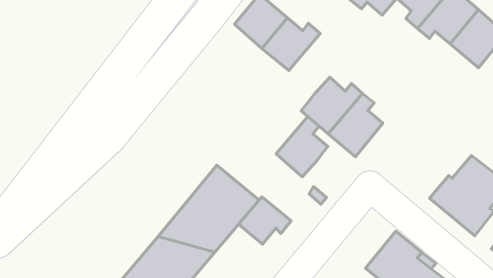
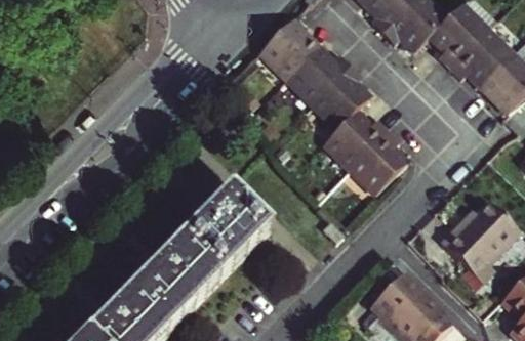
building: [276,117,328,177] -> [311,67,364,127]
building: [239,197,291,244] -> none

